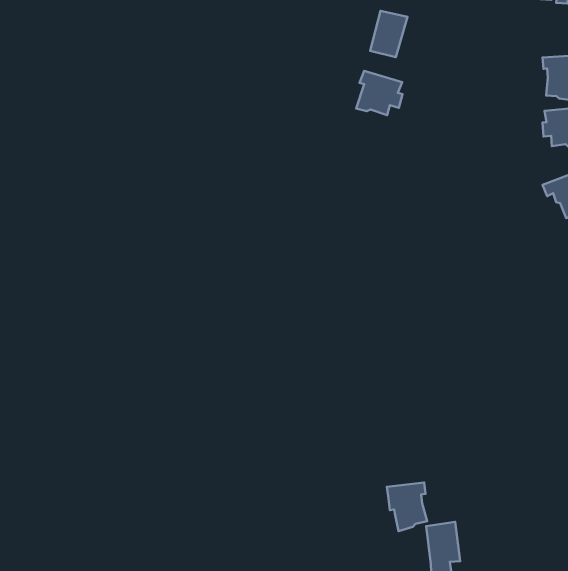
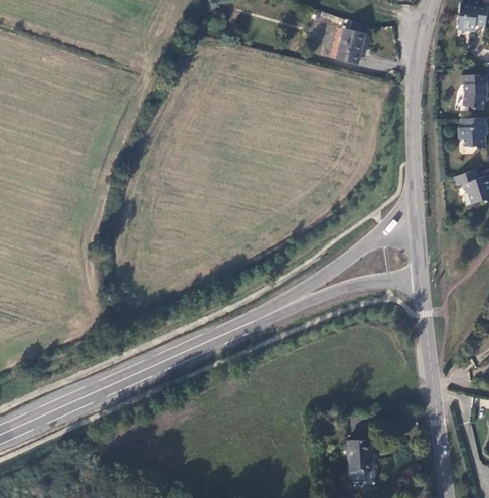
building: [356,71,403,115] -> none
building: [387,482,427,531] -> none

